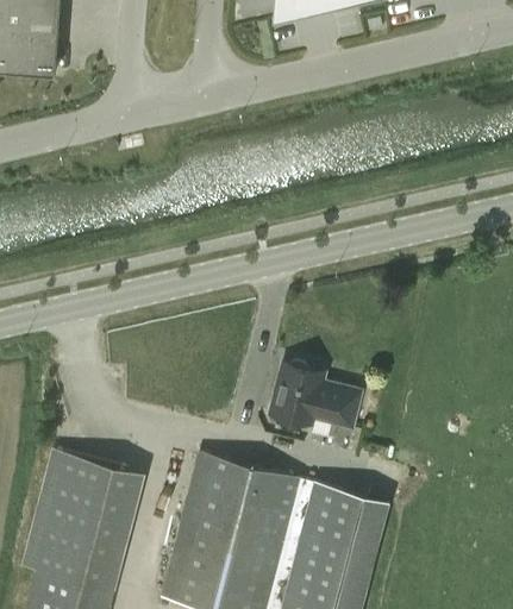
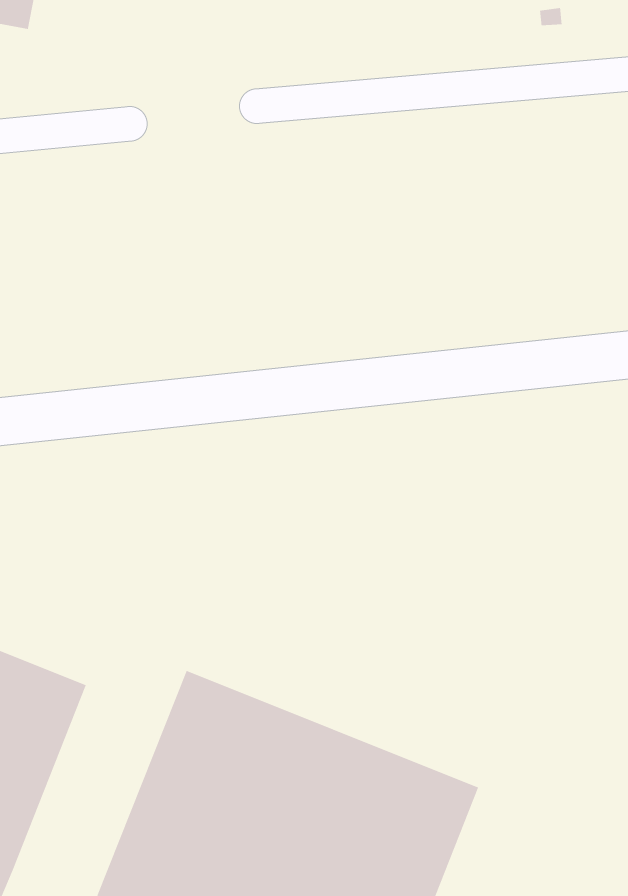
building: [270,363,361,429] -> none

